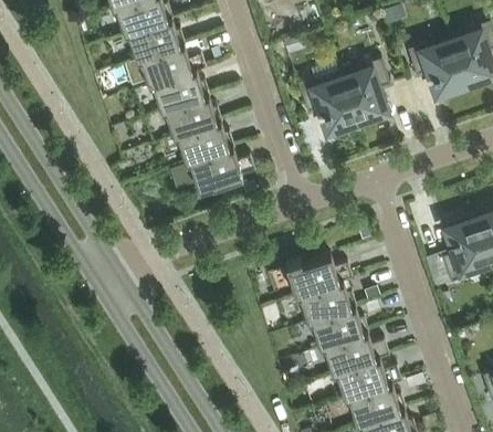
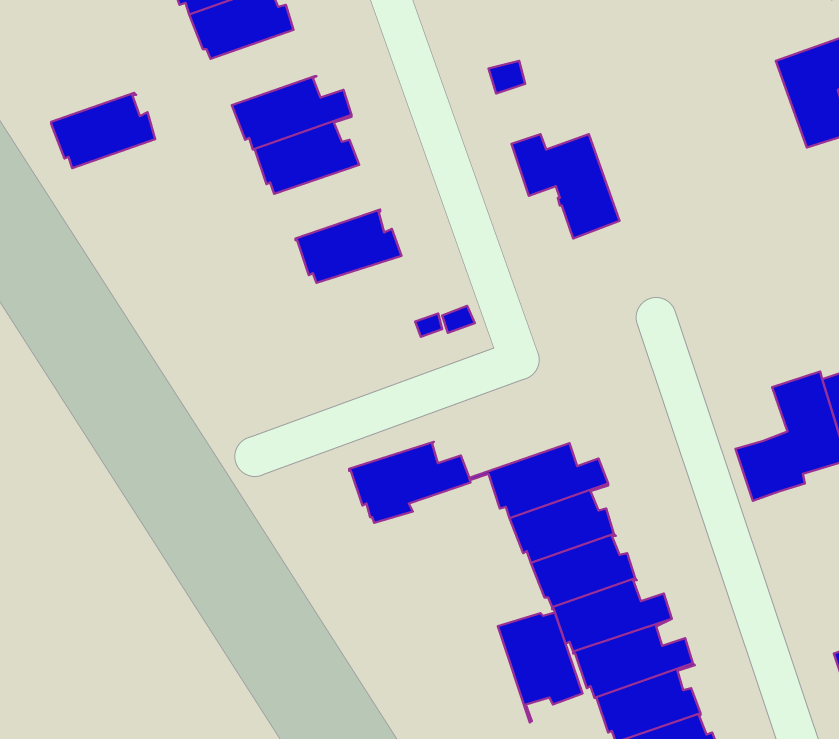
building: [125,18,185,61] -> [51,93,155,168]
building: [408,35,469,99] -> none
building: [342,59,390,127] -> none
building: [161,95,222,137] -> none
building: [186,147,255,193] -> [349,442,471,523]
building: none -> [498,612,582,723]

